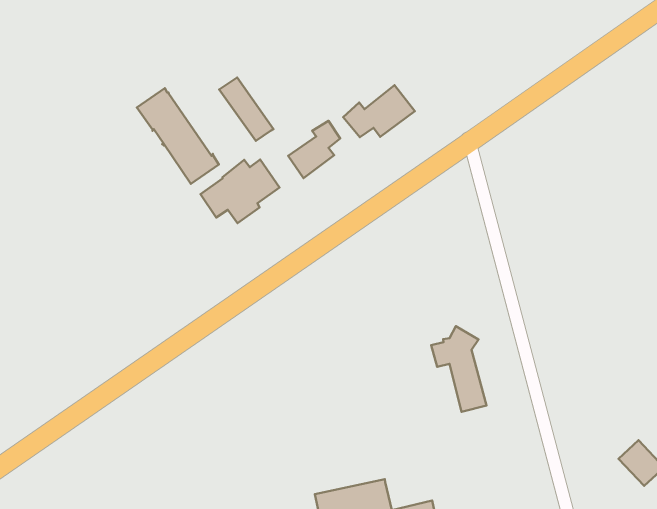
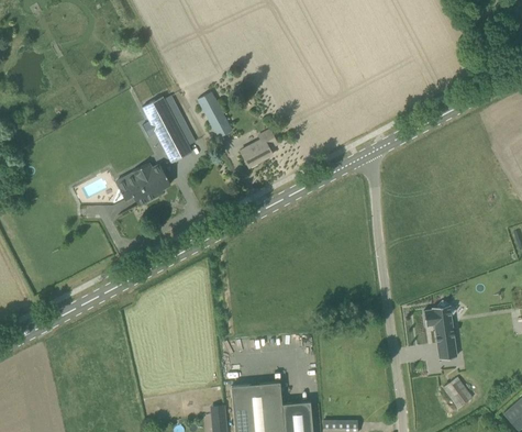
building: [343,85,415,137] -> none
building: [200,160,279,223] -> [116,162,171,204]
building: [431,326,486,412] -> [424,299,457,358]

